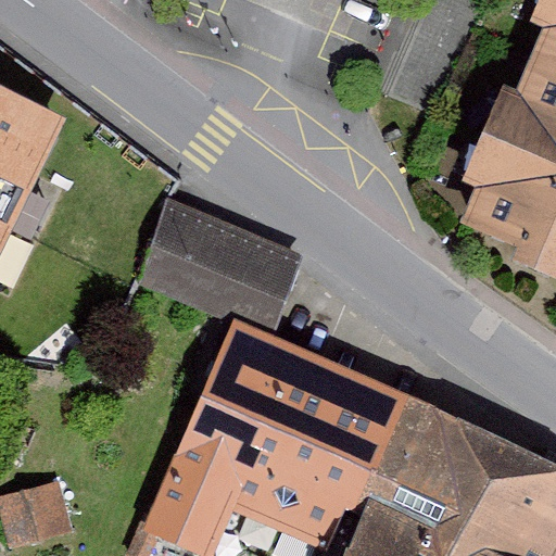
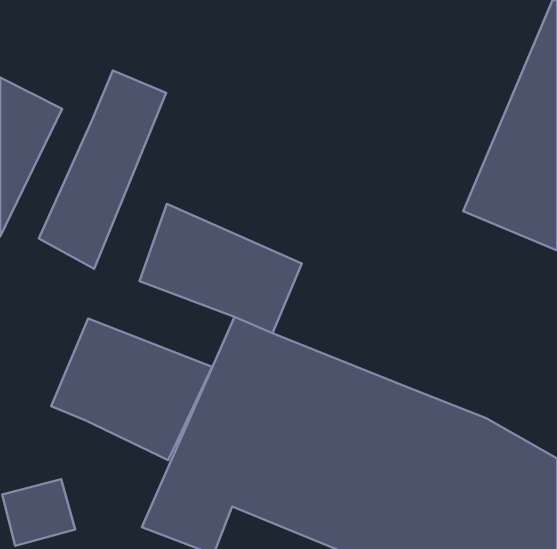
building: none -> [39,70,166,269]
building: none -> [51,318,212,460]

